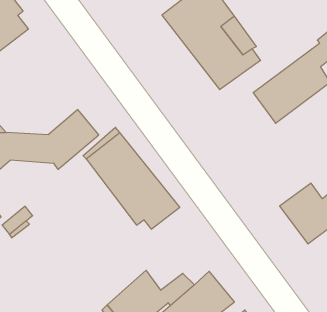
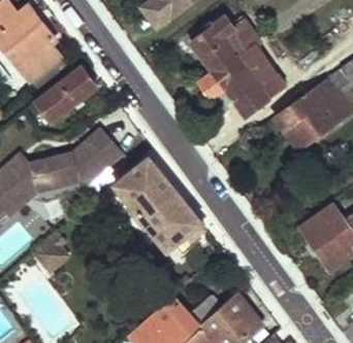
building: none -> [36,69,93,119]

